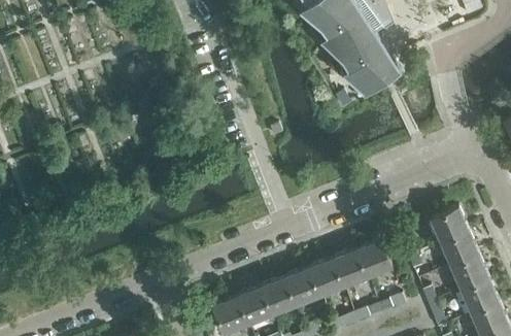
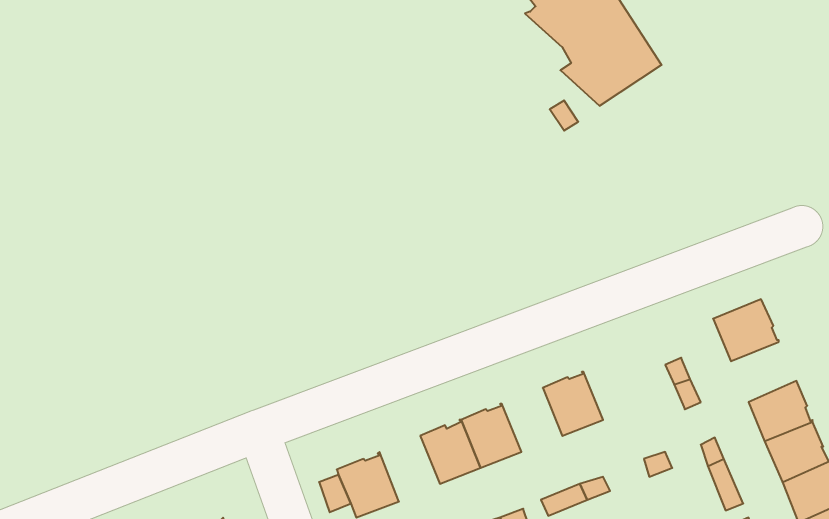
building: [441,232,479,267] -> none
building: [355,239,390,277] -> none
building: [308,259,343,296] -> none
building: [237,287,272,325] -> none

